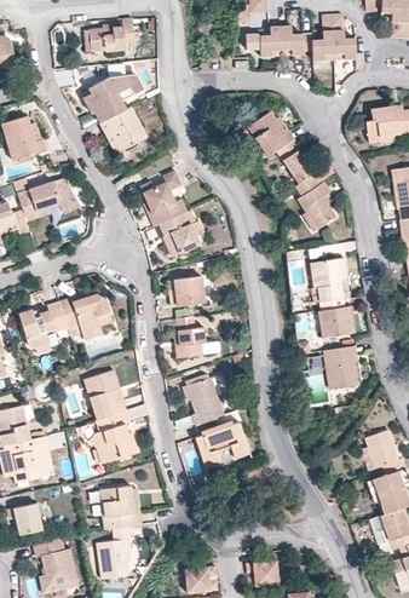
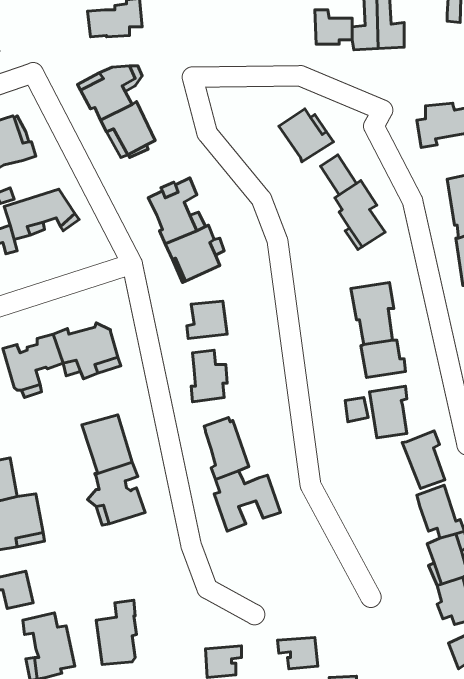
building: [259,28,281,58] -> none
building: none -> [402,431,445,489]
building: [102,485,142,528] -> none

